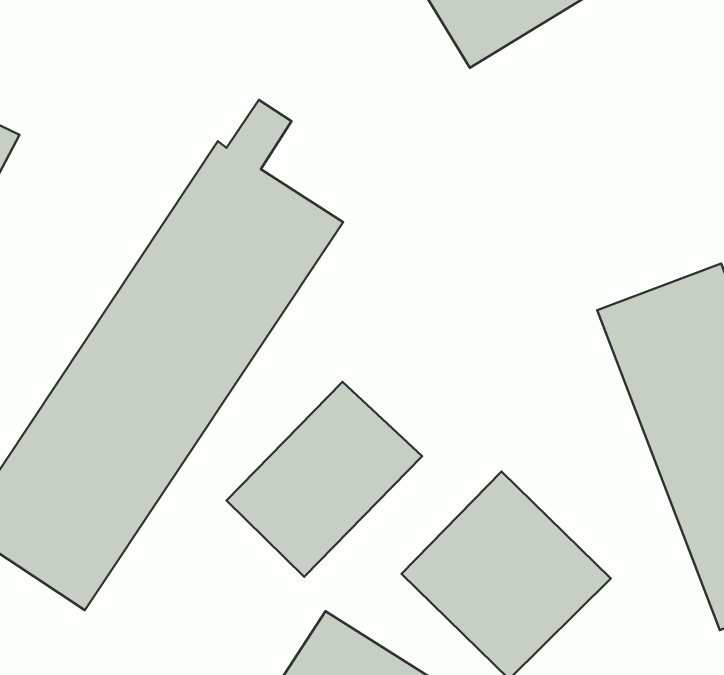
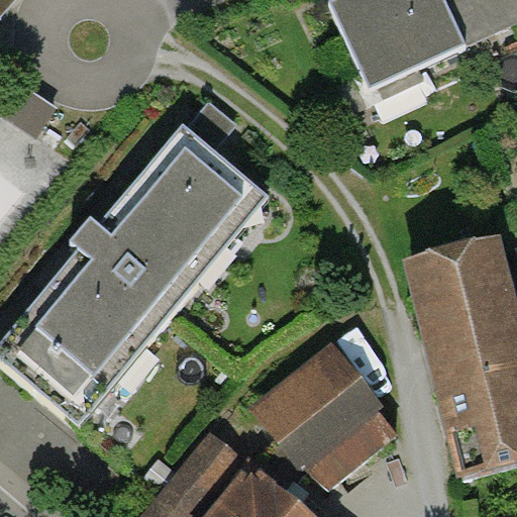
building: [226,382,422,577] -> none

